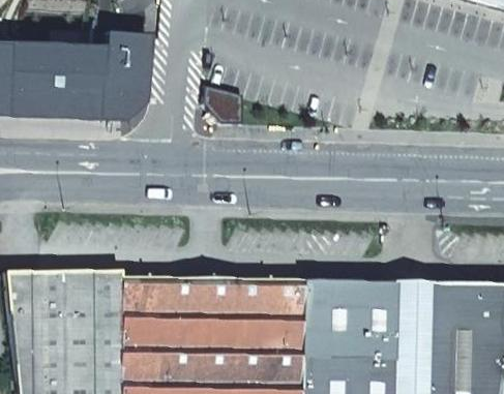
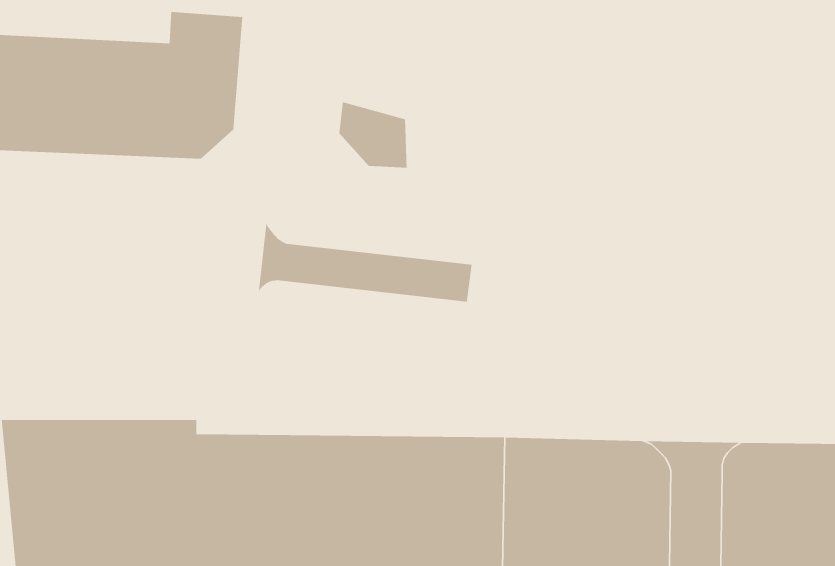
building: none -> [258,219,472,303]

